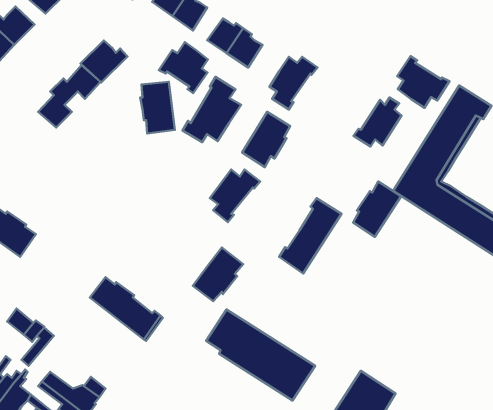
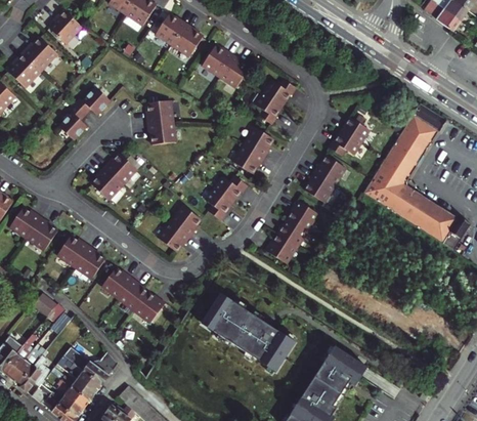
building: [81,40,127,83] -> none
building: [159,42,208,93] -> none
building: [397,56,450,108] -> none
building: [182,77,241,142] -> none
building: none -> [92,153,137,199]
building: [353,182,401,237] -> [305,155,346,202]
building: none -> [56,235,104,279]
building: [193,247,243,301] -> [159,205,202,251]

